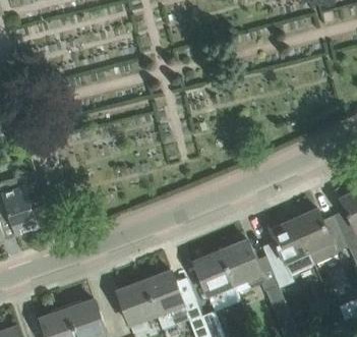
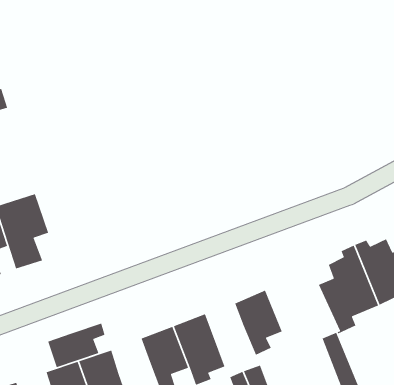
building: [220,240,264,288] -> none
building: none -> [47,323,105,368]

